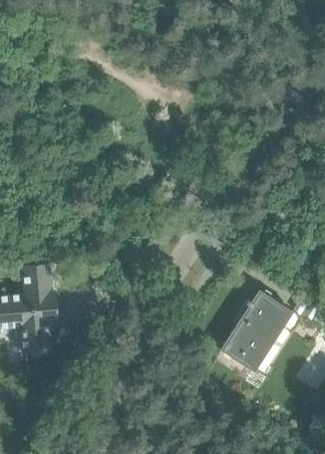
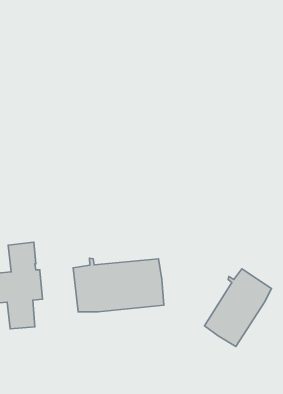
building: none -> [73,258,164,312]

